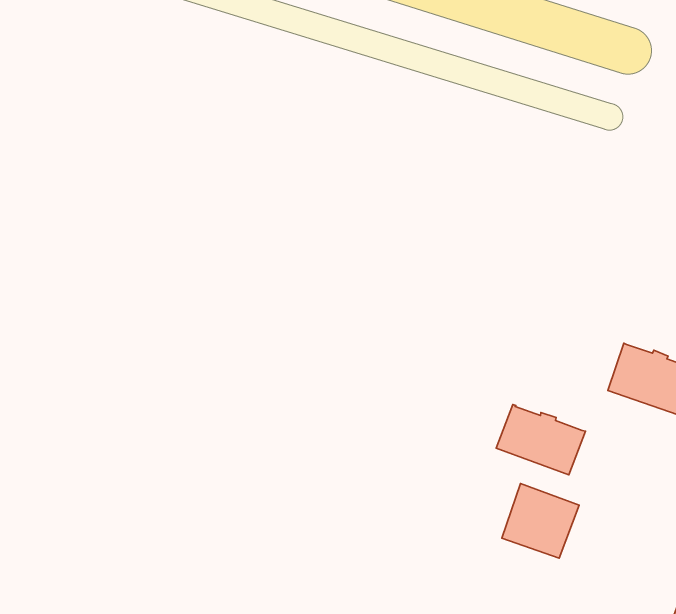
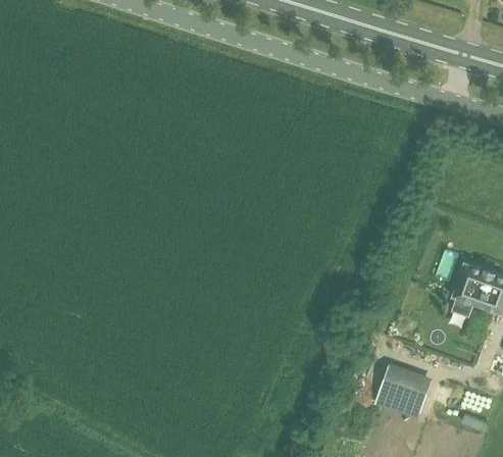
building: [496,405,585,475] -> none

